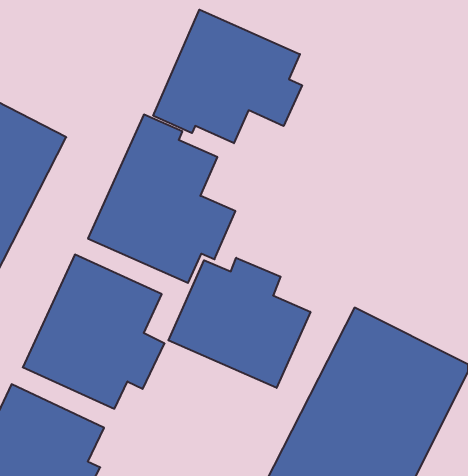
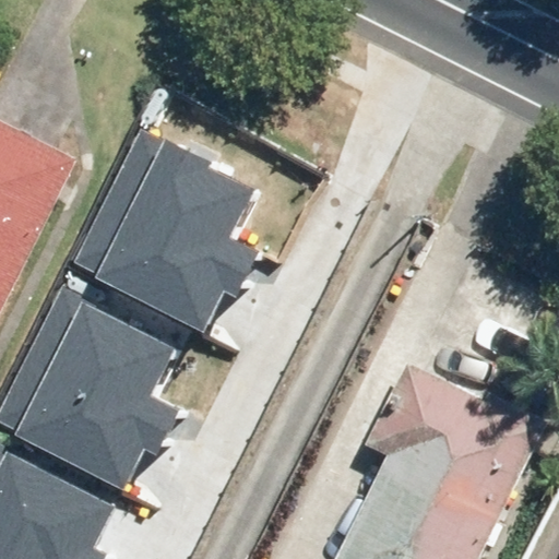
building: [153,10,302,143] -> none
building: [168,258,310,388] -> none

